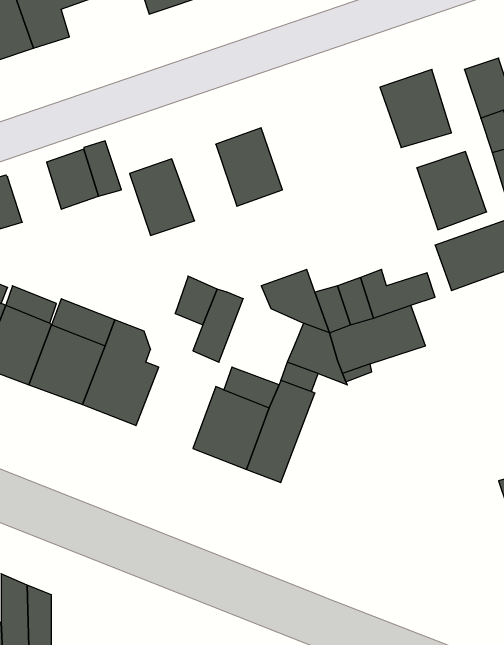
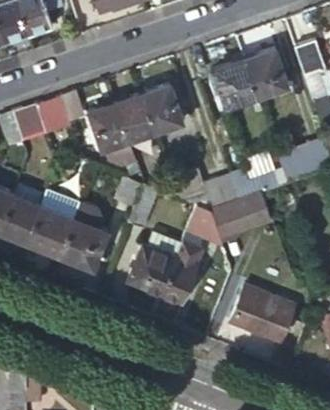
building: none -> [114,95,154,142]
building: [417,152,487,230] -> [212,60,255,108]
building: none -> [13,106,46,143]
building: none -> [229,284,293,341]

